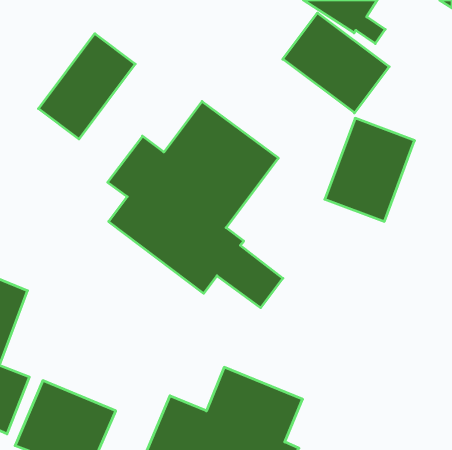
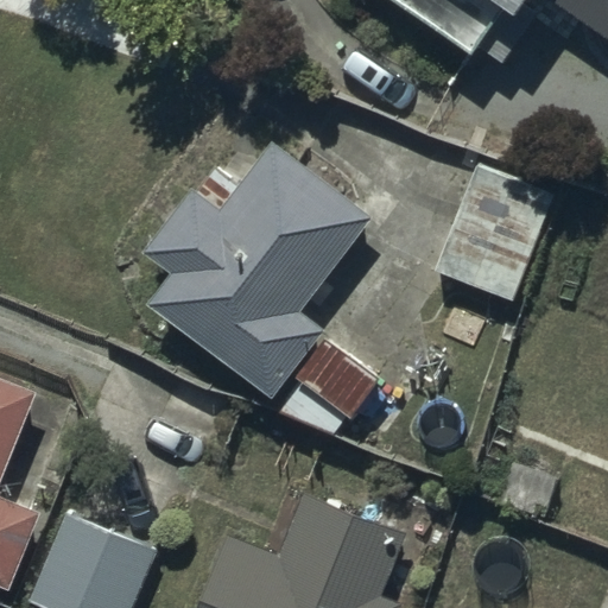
building: [283,13,389,113] -> none
building: [38,34,135,139] -> none

